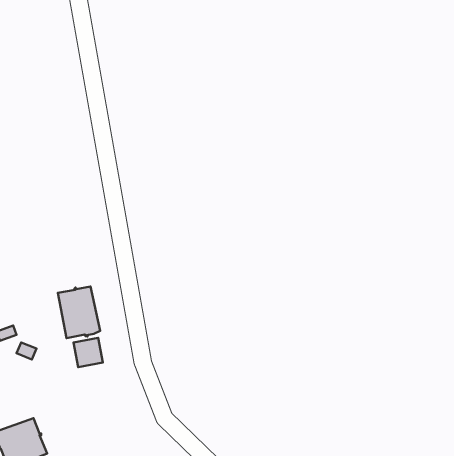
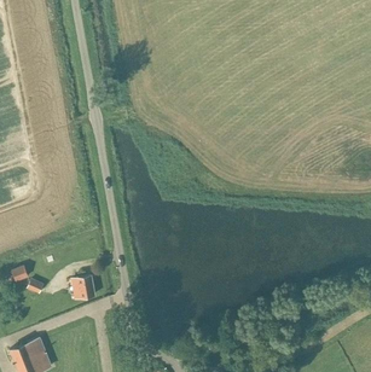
building: [58,286,100,338] -> none

